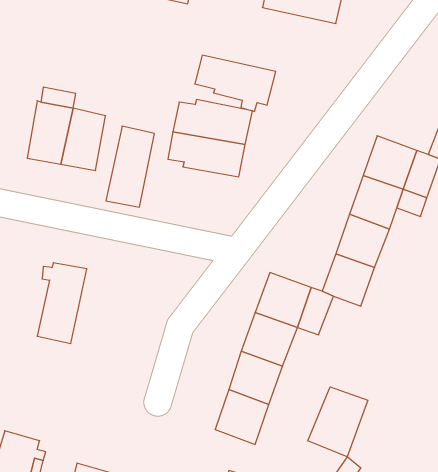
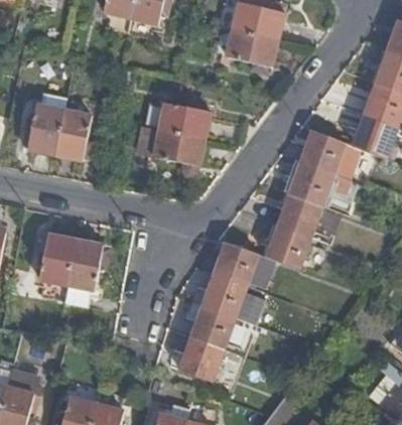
building: [195,55,276,111] -> [213,27,278,73]
building: [106,126,154,207] -> [63,239,103,304]
building: [308,387,368,457] -> none

